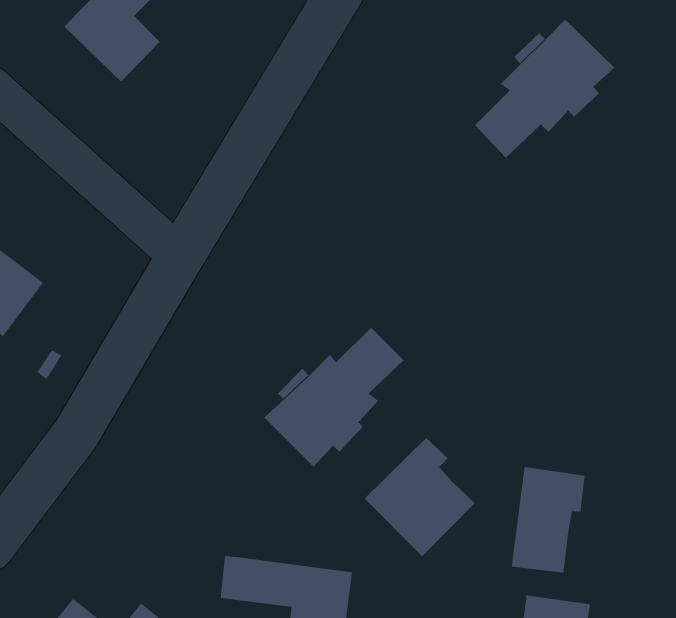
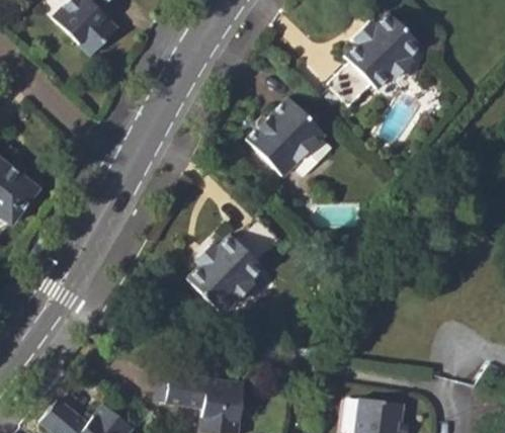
building: none -> [247,98,326,177]
building: [364,437,475,557] -> none
building: [511,466,585,573] -> none

